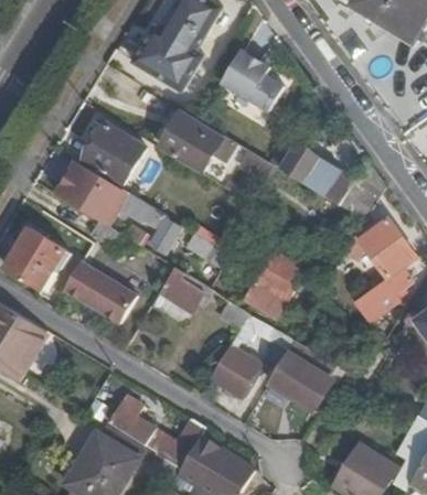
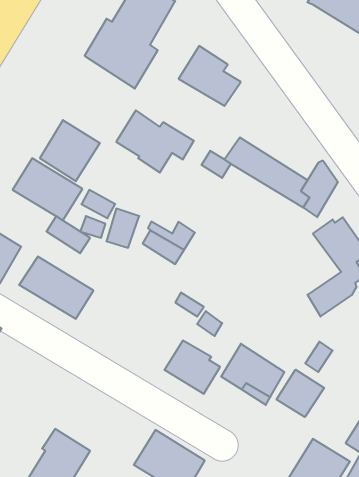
building: [244,249,307,319] -> none
building: [159,267,202,310] -> none
building: none -> [277,370,324,417]
building: [108,397,202,466] -> none

